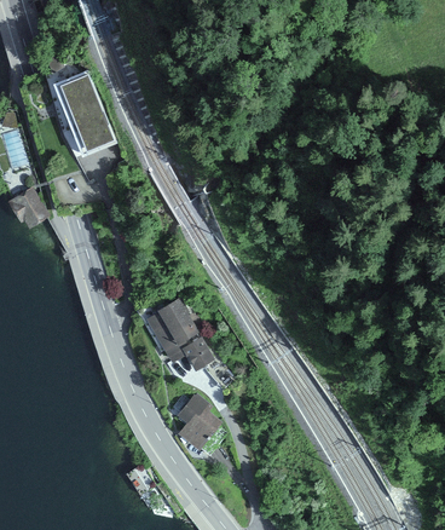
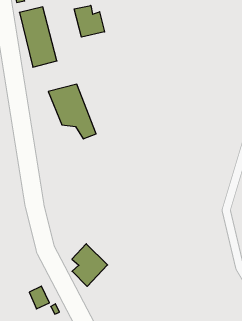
building: none -> [74,5,105,37]
building: [140,298,215,373] -> [48,84,96,139]

